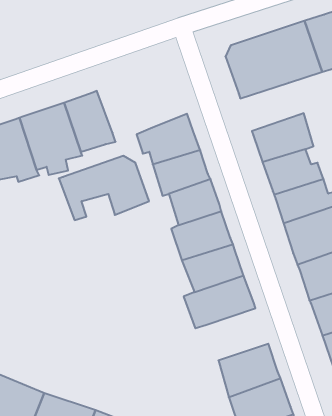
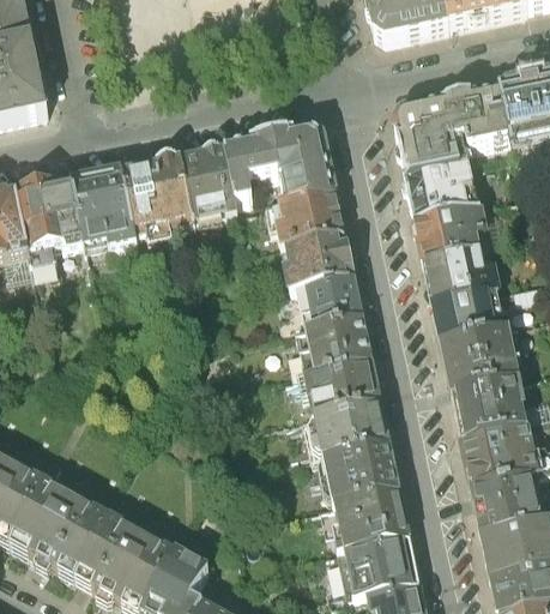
building: none -> [404,161,477,216]
building: [59,156,149,220] -> [224,122,334,195]
building: none -> [325,440,400,500]

